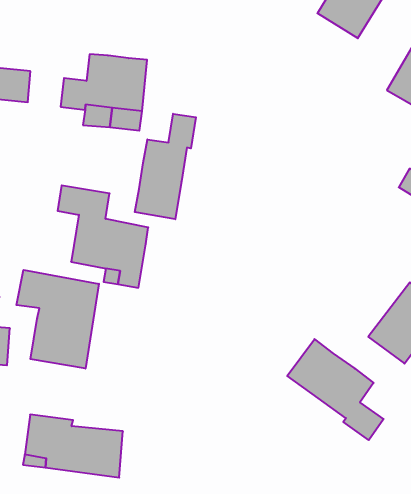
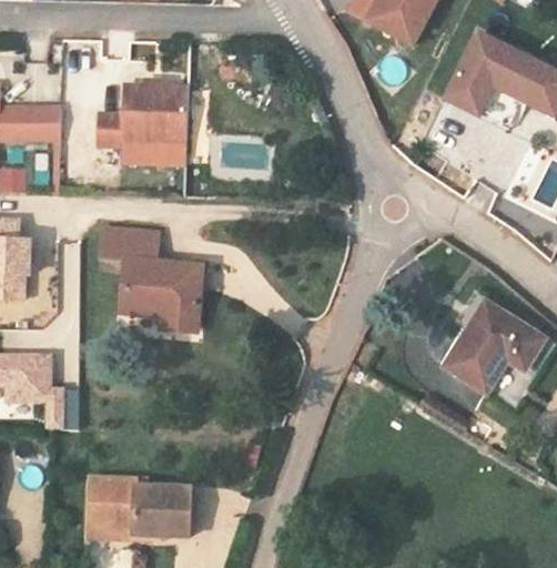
building: [135,114,196,219] -> none
building: [16,270,99,369] -> none
building: [287,339,384,440] -> none

